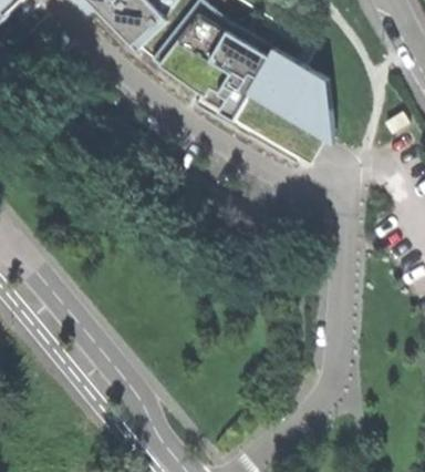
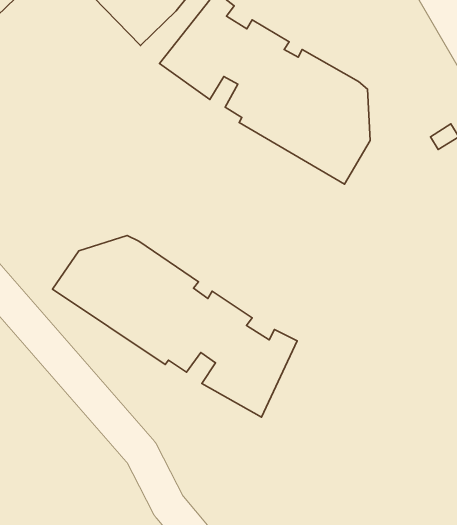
building: none -> [53,236,297,417]

